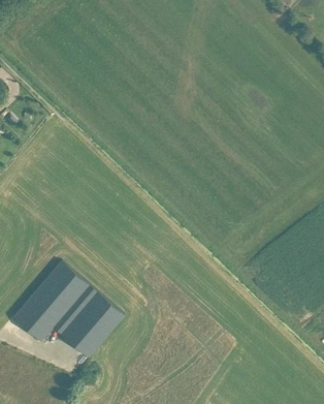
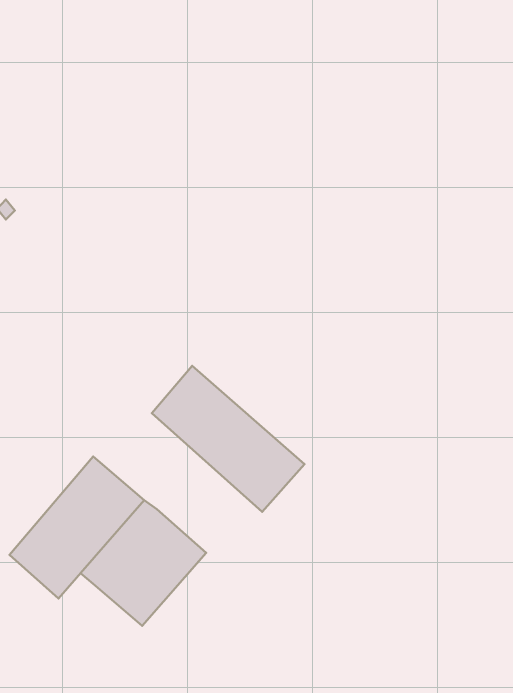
building: none -> [152,366,304,512]

